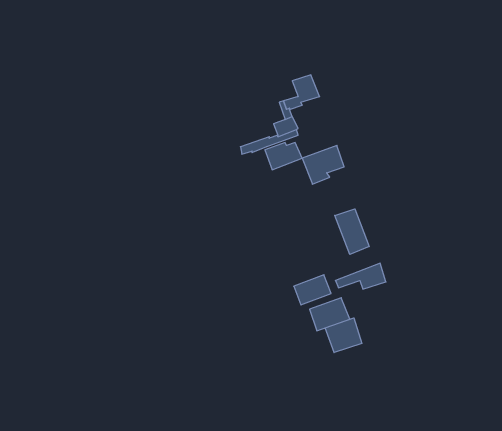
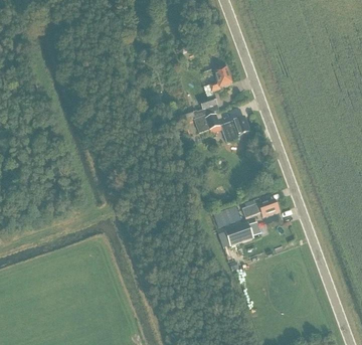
building: [335,209,369,254] -> none
building: [325,318,362,353] -> none

